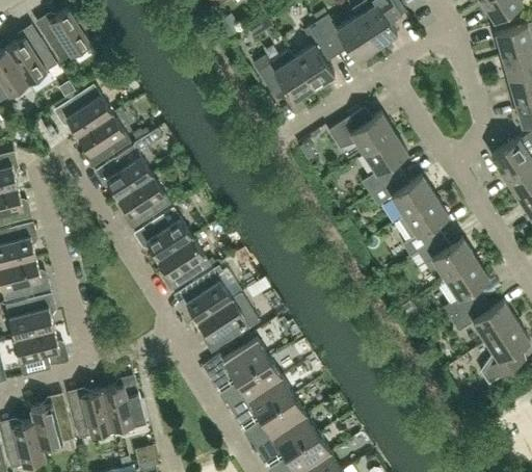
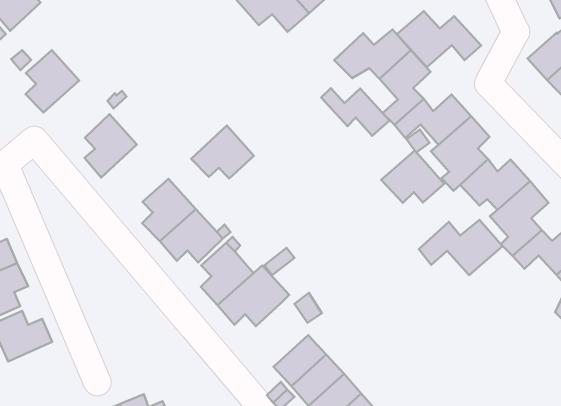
building: none -> [397,11,481,67]
building: [78,113,131,167] -> none
building: none -> [321,88,389,136]
building: [117,175,170,219] -> [191,126,254,179]
building: none -> [381,151,444,203]
building: none -> [419,220,502,275]
building: [15,329,59,372] -> none
building: [203,338,269,379] -> none

